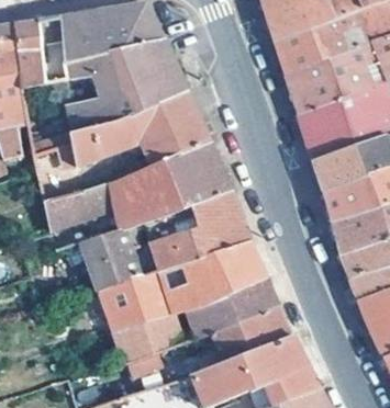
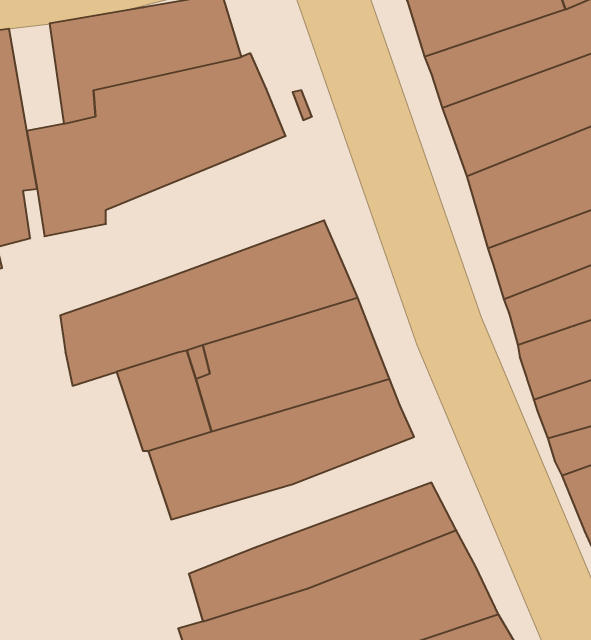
building: [13,20,47,87] -> none
building: [35,90,210,202] -> none
building: [114,277,277,363] -> none

